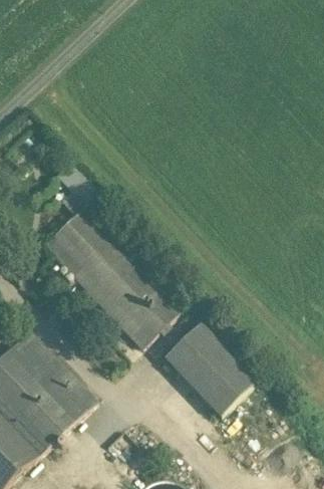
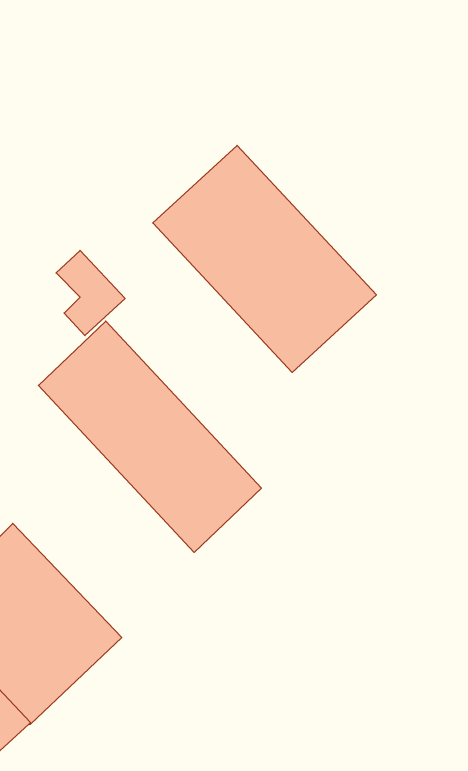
building: none -> [153,145,376,372]
building: [164,323,256,417] -> none

